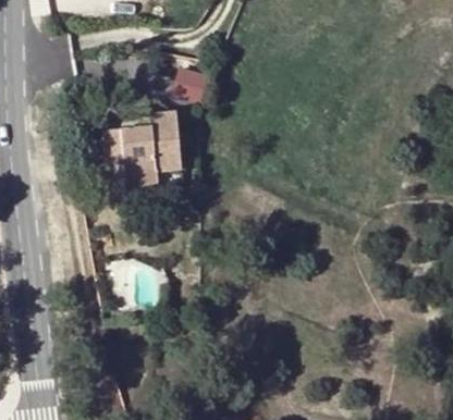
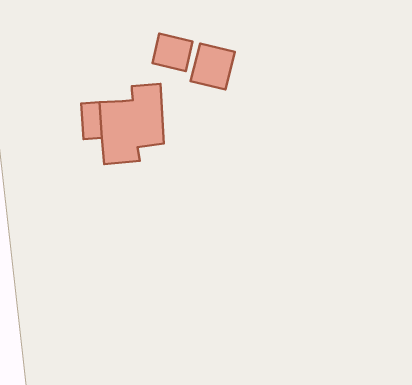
building: none -> [191,43,235,90]

